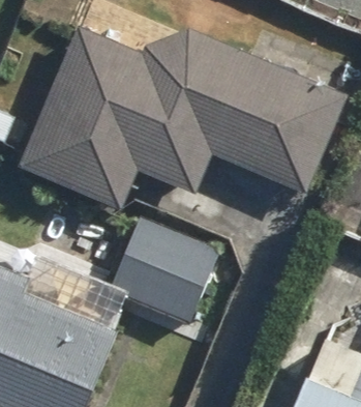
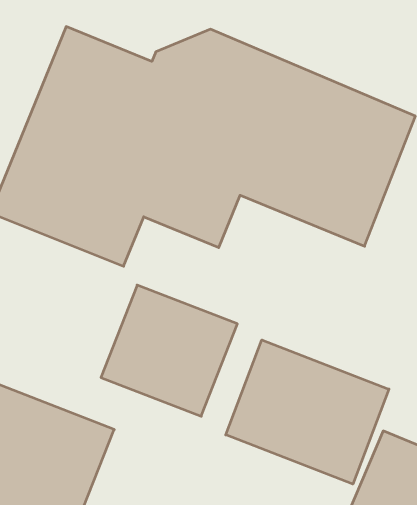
building: none -> [226,340,389,484]

